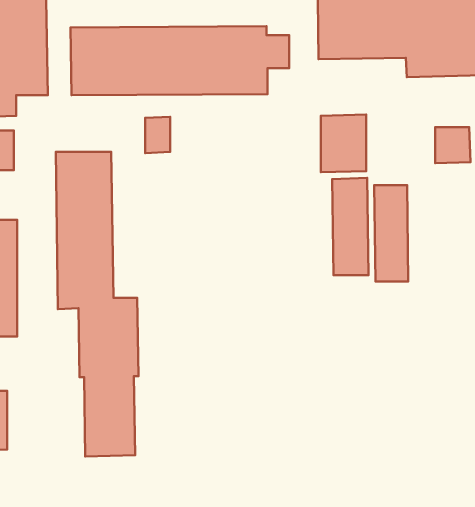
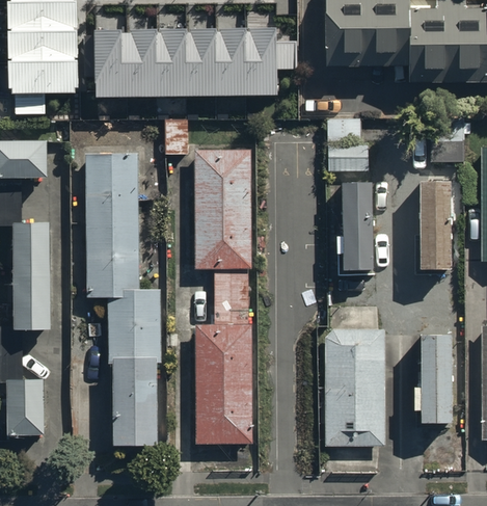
building: none -> [192,149,254,442]
building: [374,185,408,281] -> [418,176,450,264]
building: none -> [422,327,451,416]
building: none -> [326,329,385,445]

